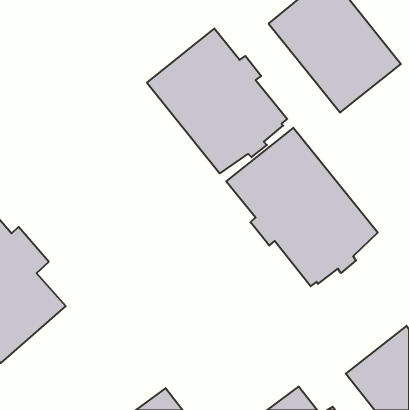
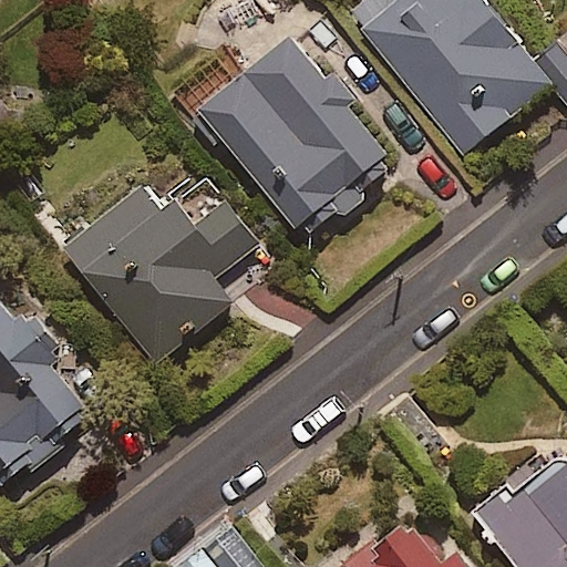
building: [226,128,378,286] -> none
building: none -> [58,177,255,360]

